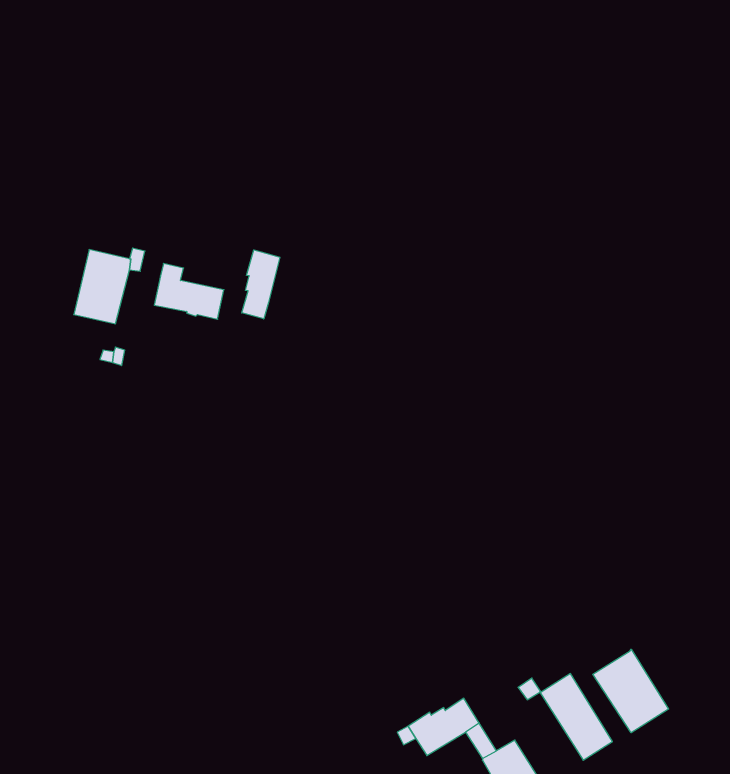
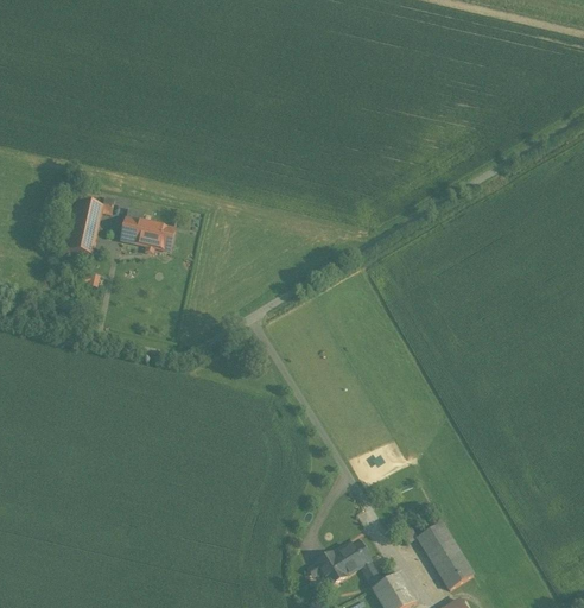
building: [242,250,280,319] -> none
building: [593,649,669,733] -> none

